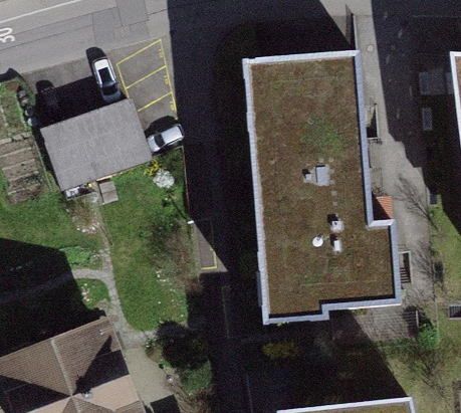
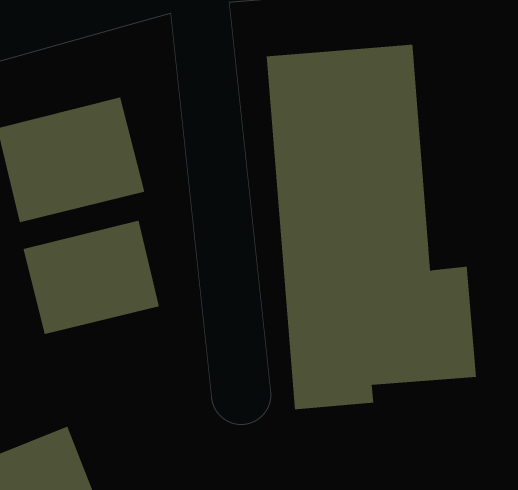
building: none -> [23,220,159,335]

